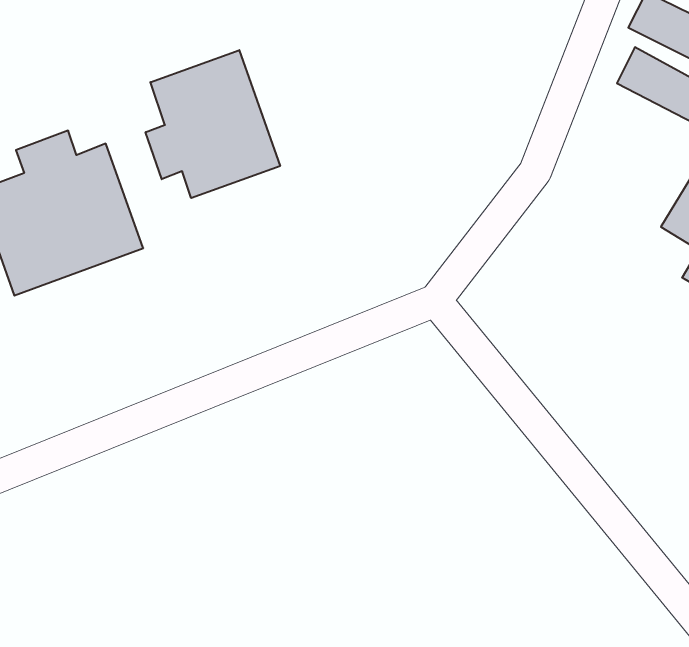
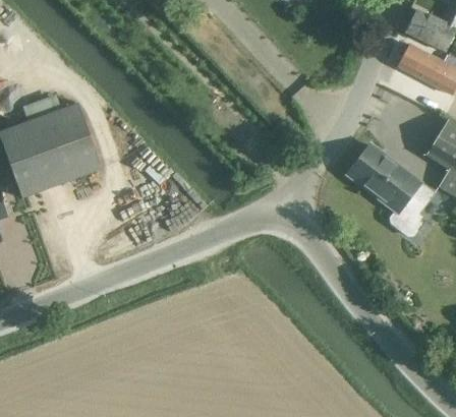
building: [146,50,280,198] -> none
building: none -> [347,143,434,238]

